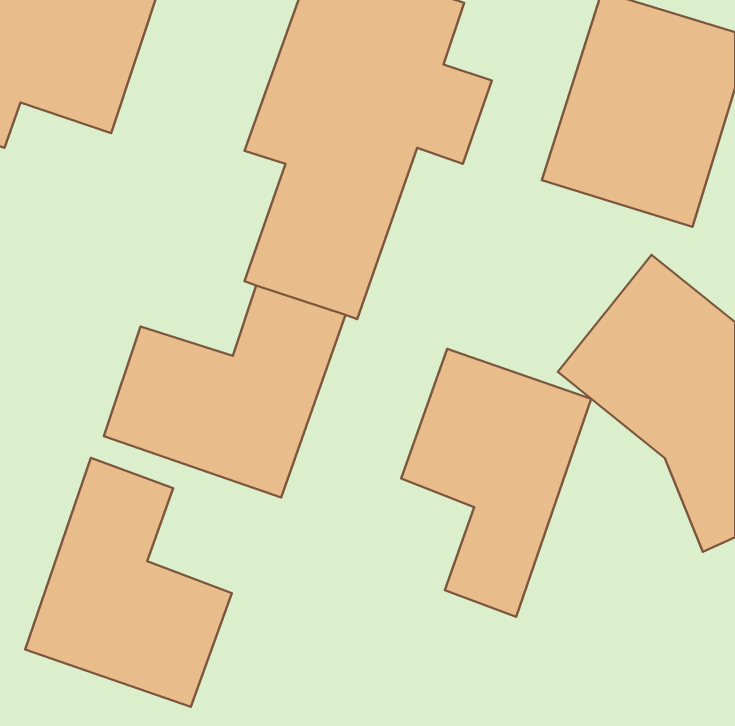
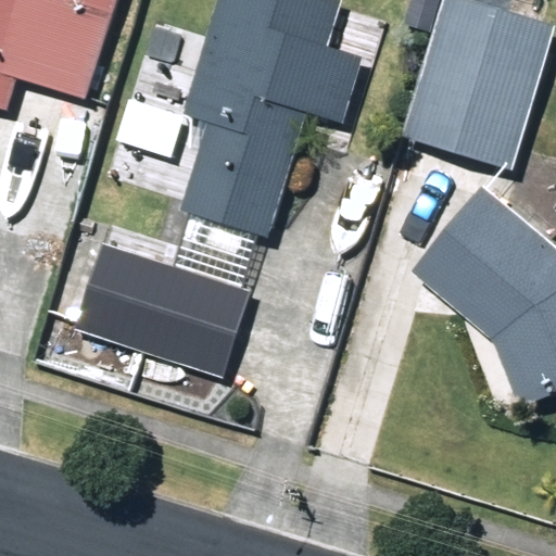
building: [401,349,591,617] -> none
building: [25,458,232,707] -> none

